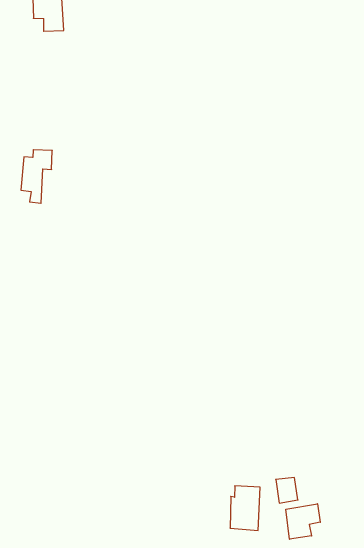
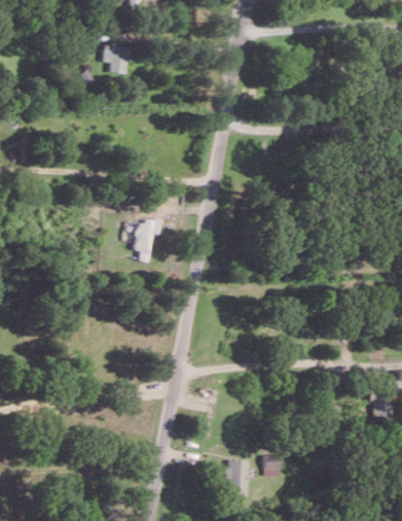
building: [21,150,52,203] -> [133,217,161,262]
building: [286,504,320,539] -> none

